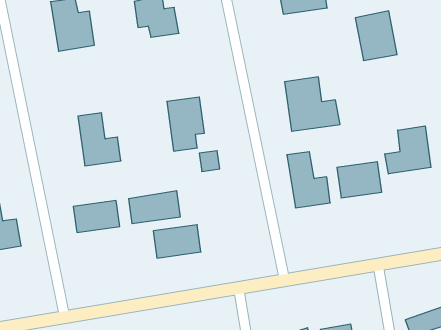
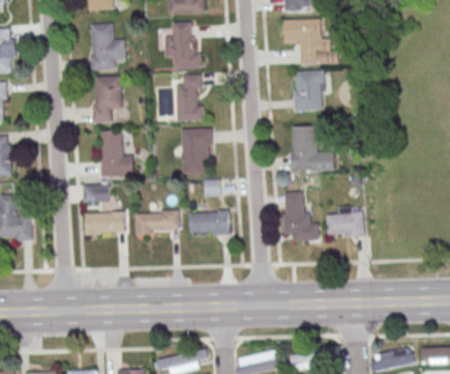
building: [355,11,397,60] -> [293,69,326,111]
building: none -> [177,74,203,120]
building: none -> [93,76,124,121]
building: [385,126,431,174] -> none
building: none -> [84,184,110,202]
building: [153,225,201,258] -> [189,210,230,235]

